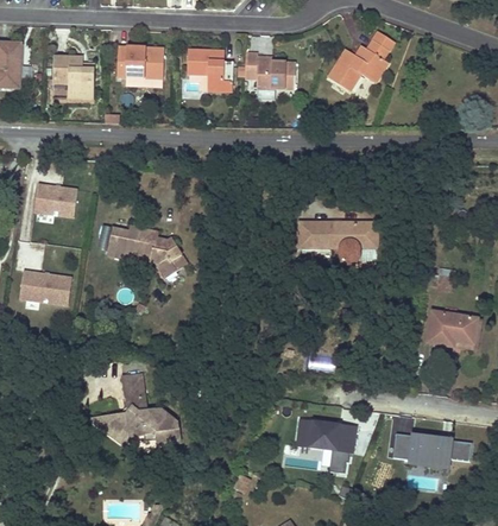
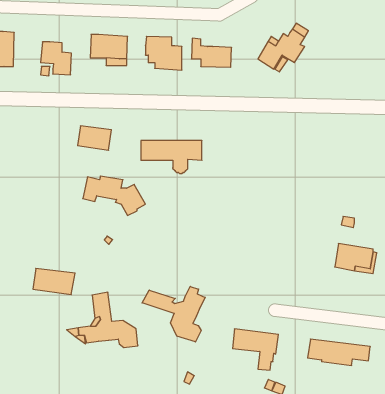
building: [33,183,76,214] -> [78,126,111,150]
building: [300,222,377,264] -> [141,141,202,173]
building: [19,271,73,304] -> [33,268,75,295]
building: none -> [142,286,205,342]

